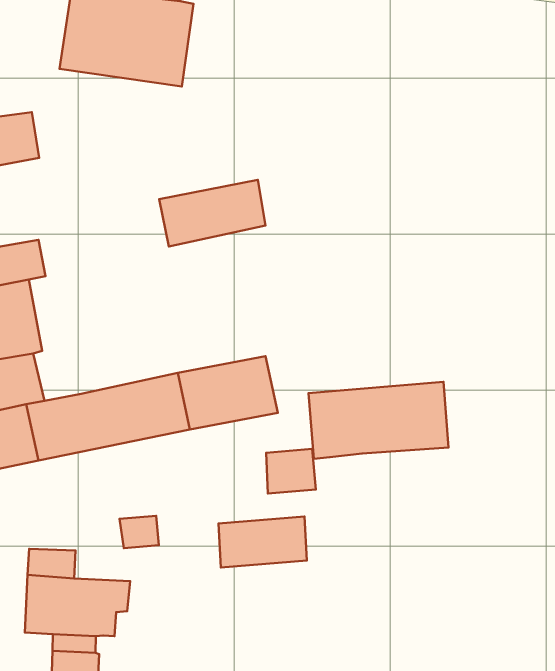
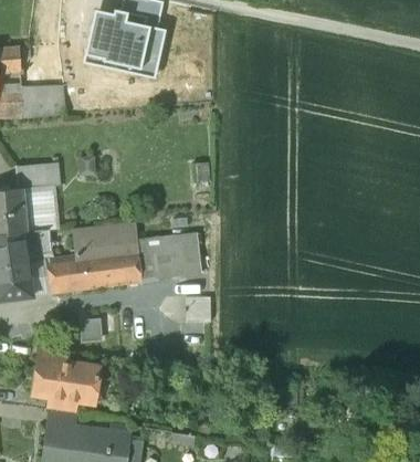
building: [159,180,265,247] -> [74,220,136,255]
building: [309,382,449,459] -> none
building: [218,516,307,568] -> none

